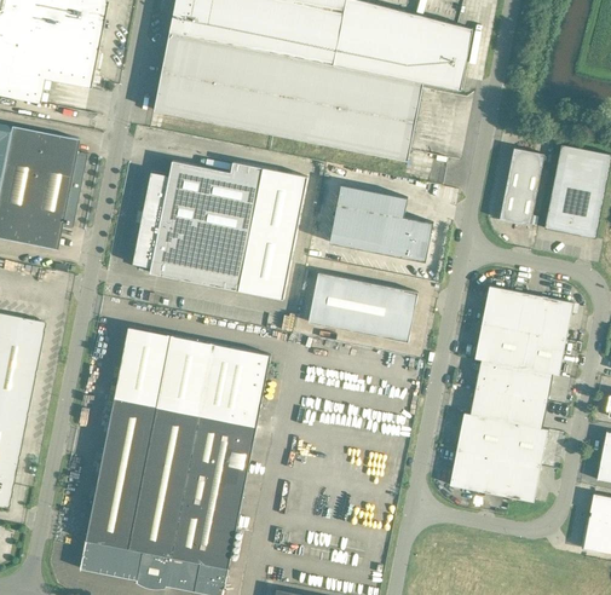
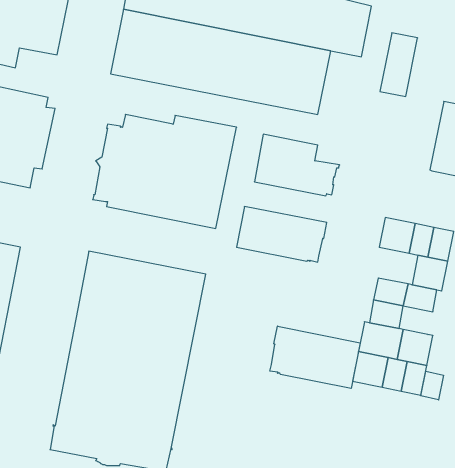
building: [498,148,544,225] -> [380,33,418,96]
building: [474,322,529,368] -> none
building: [506,393,547,428] -> none
building: none -> [270,326,360,388]
building: none -> [421,371,443,400]

